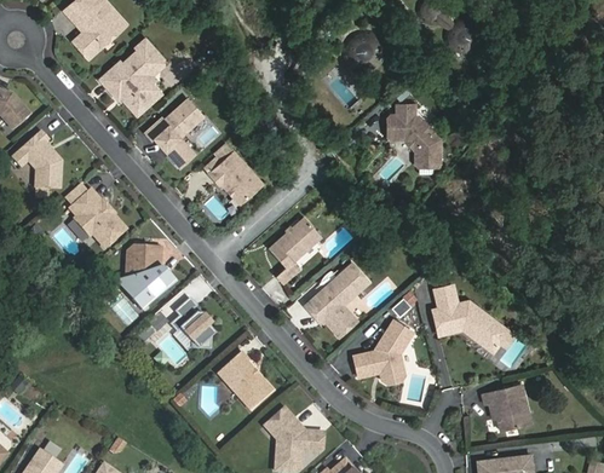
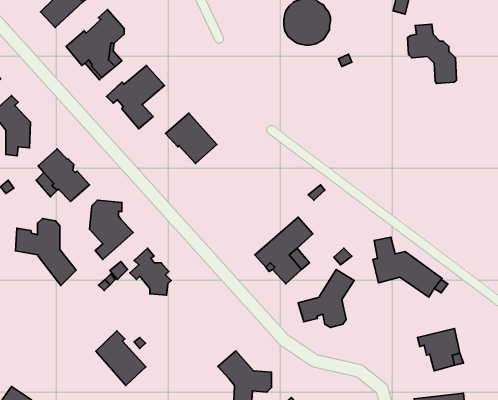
building: [386,103,439,167] -> [407,24,457,83]
building: [269,218,321,283] -> none
building: none -> [16,218,76,285]
building: [218,351,272,410] -> [96,331,146,386]

